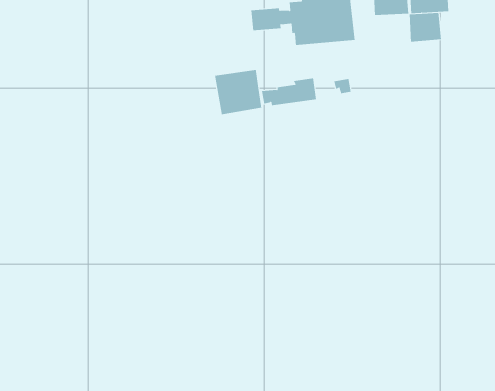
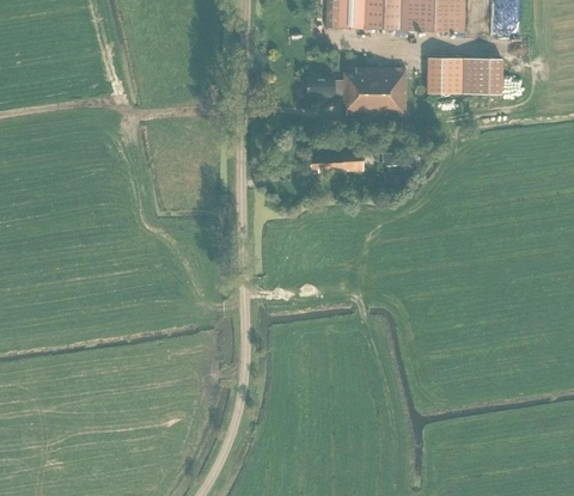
building: [409,12,441,43] -> none
building: [215,69,262,115] -> none

